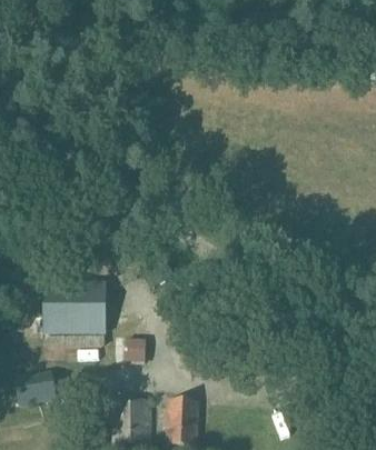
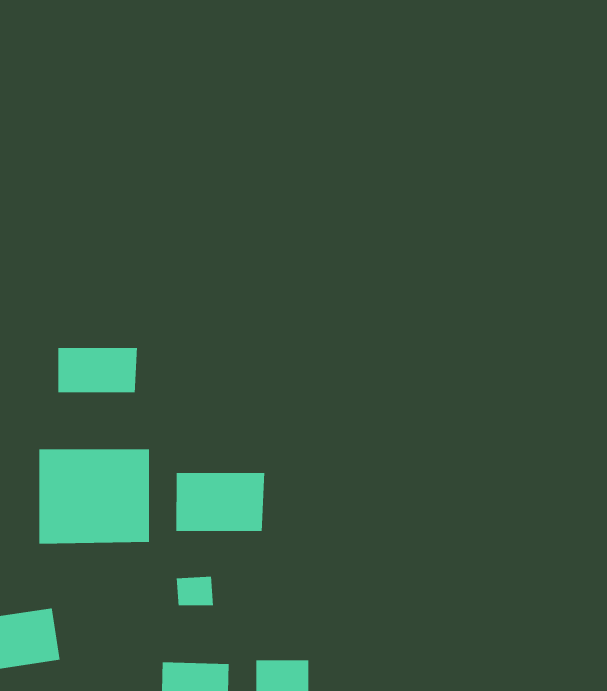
building: none -> [58,347,138,393]
building: none -> [176,472,265,532]

